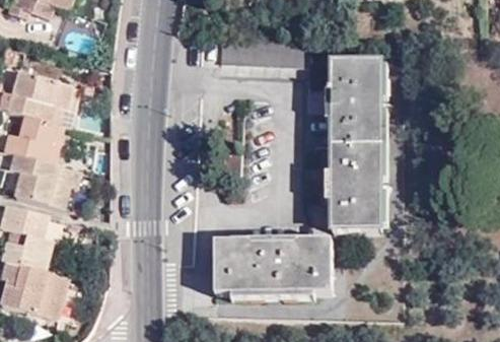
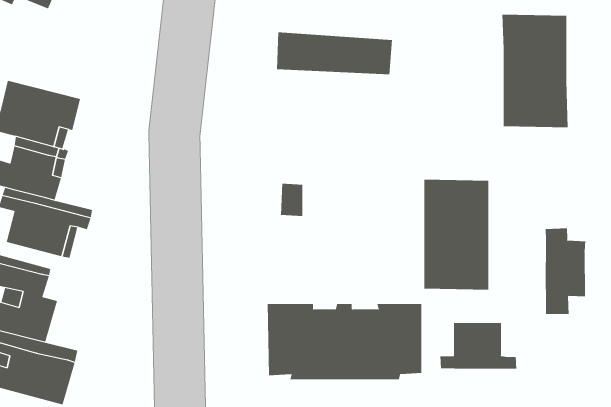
building: [332,62,382,148] -> [502,14,569,128]
building: none -> [545,228,586,315]
building: none -> [440,322,517,370]

